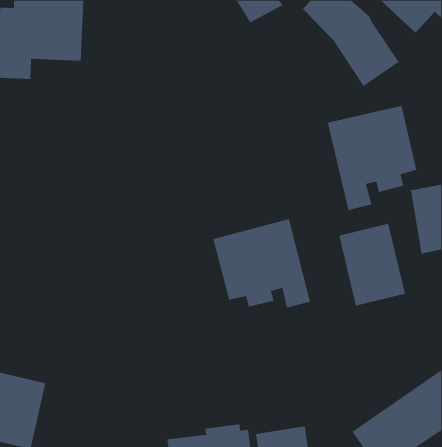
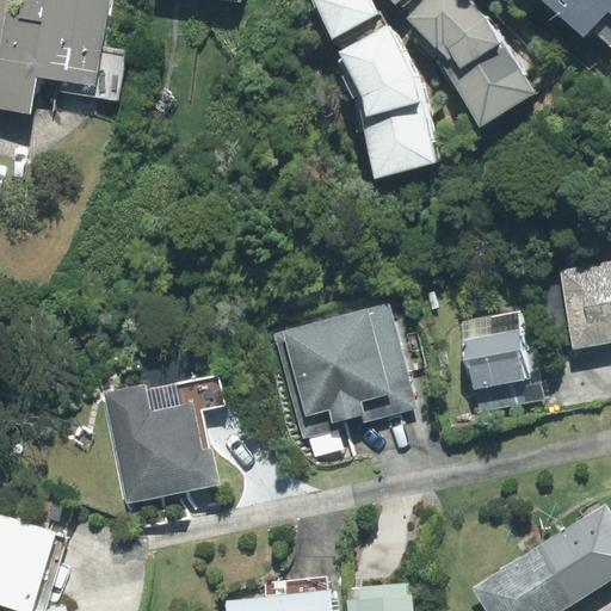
building: none -> [328,39,439,181]
building: [327,105,417,211] -> none
building: none -> [95,383,227,502]

